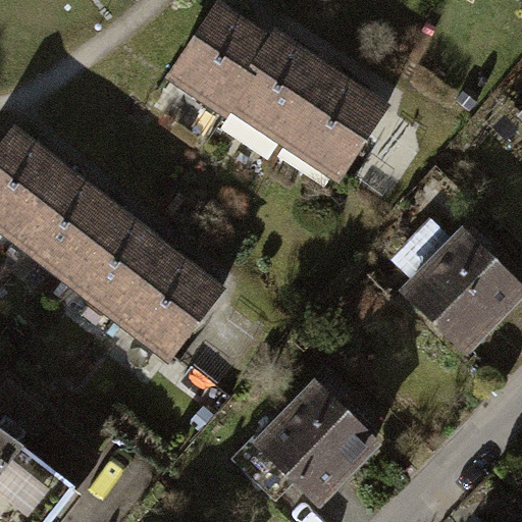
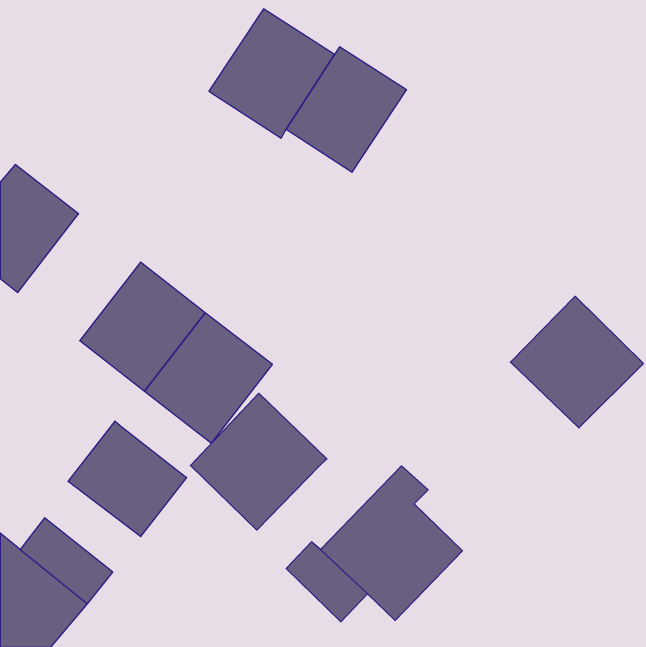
building: [284,72,384,174] -> none
building: [15,172,114,274] -> none
building: none -> [190,393,327,530]
building: none -> [68,421,187,537]

